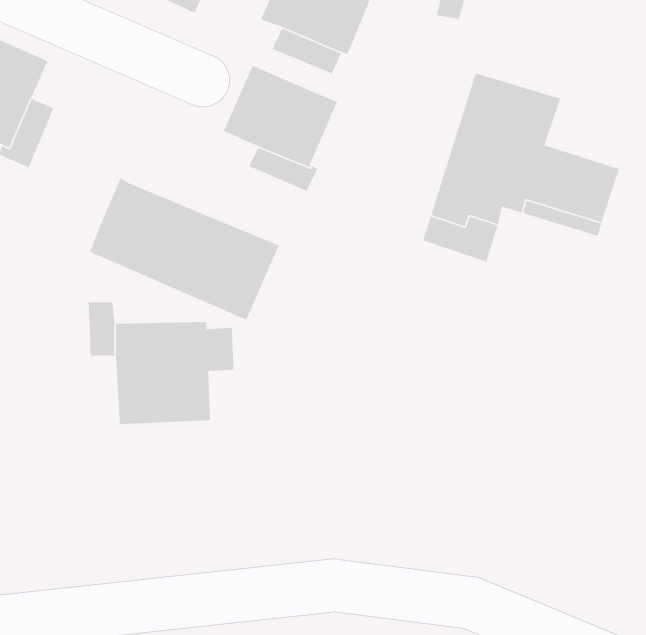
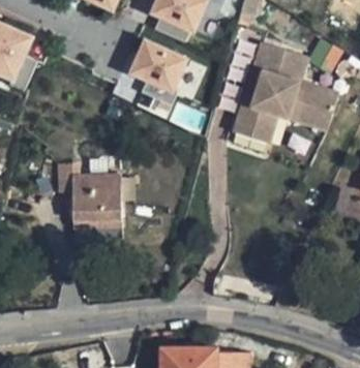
building: [89,177,280,321] -> none

